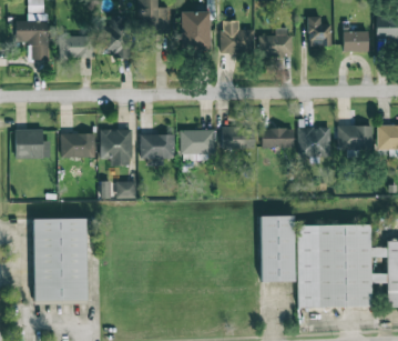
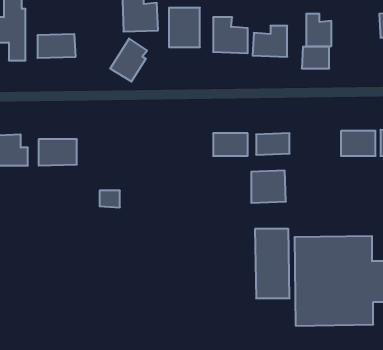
building: [93,13,127,53] -> [110,38,147,82]
building: [343,31,368,51] -> [302,47,329,68]
building: [298,127,330,157] -> [251,171,286,203]
building: [102,129,132,166] -> none
building: [181,130,215,159] -> none
building: [140,133,175,163] -> none
building: [33,219,88,302] -> none

